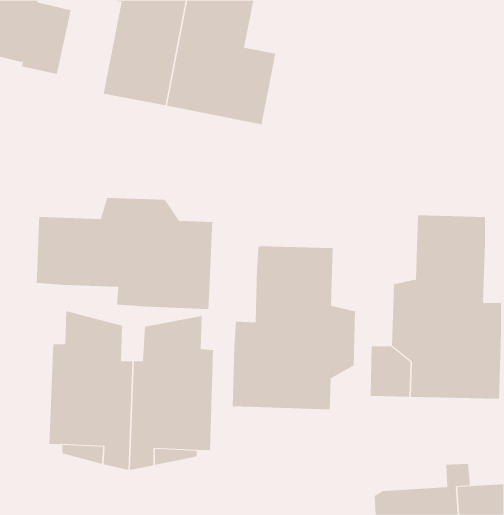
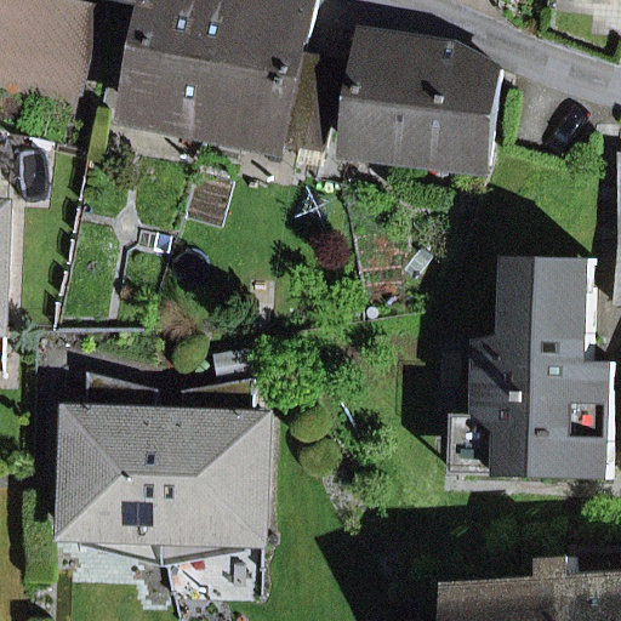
building: none -> [342,34,492,166]
building: [36,197,213,310] -> none
building: [232,245,356,410] -> none

